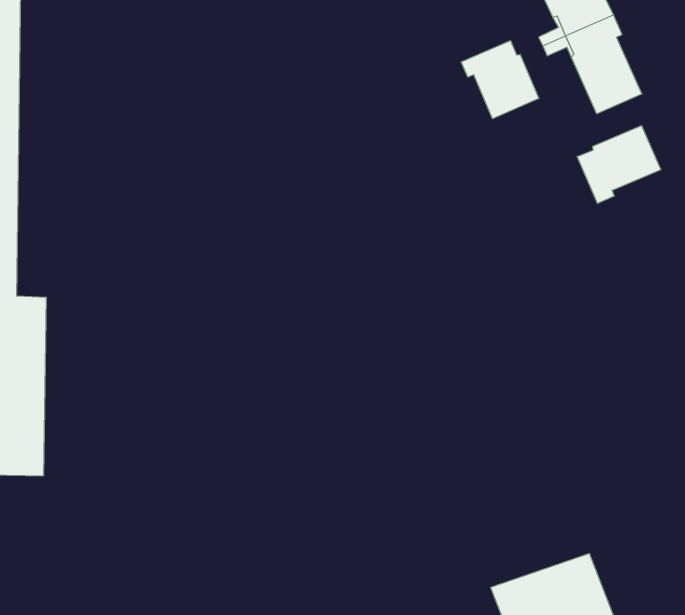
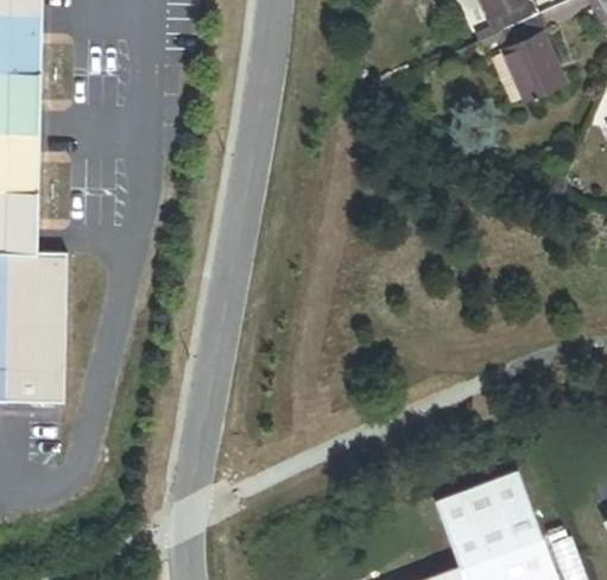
building: [461,41,539,119] -> none
building: [577,126,661,204] -> none

